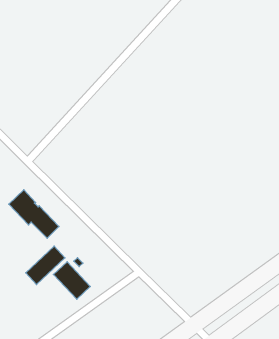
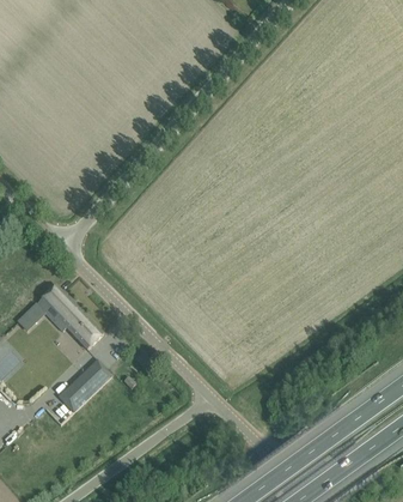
building: [54,262,90,299] -> none

